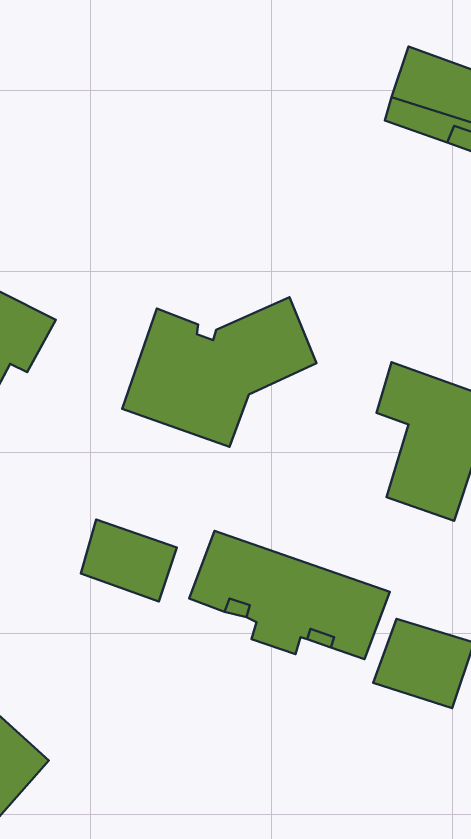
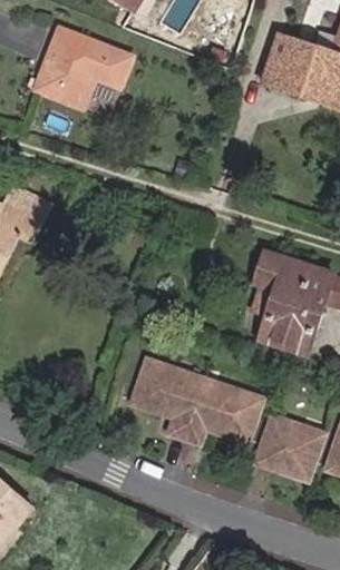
building: none -> [35,22,132,101]
building: [122,297,316,447] -> none
building: [81,520,177,601] -> none

